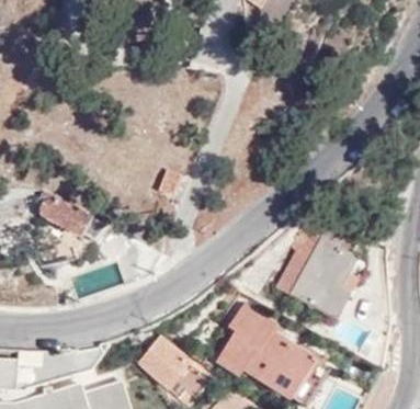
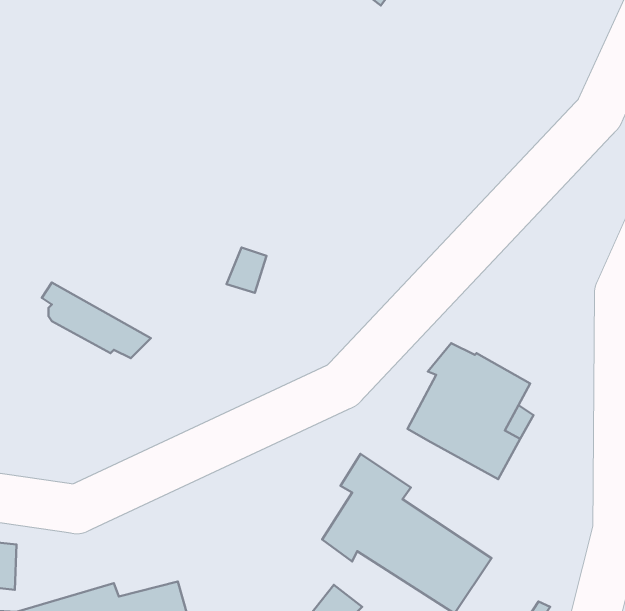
building: [137,338,202,399] -> none

